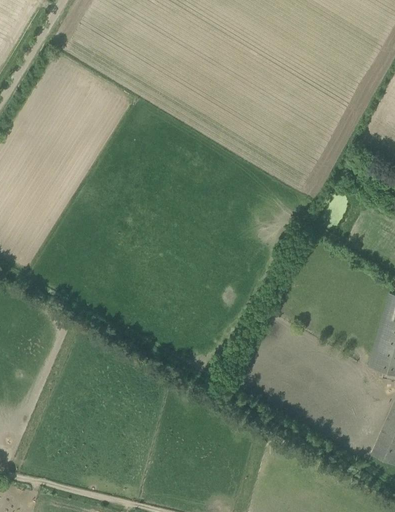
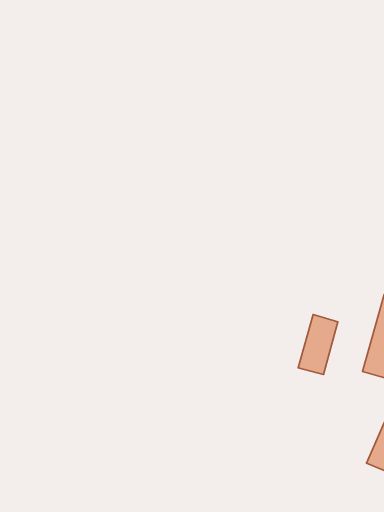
building: none -> [298,314,338,375]

